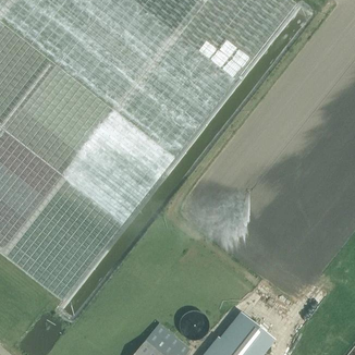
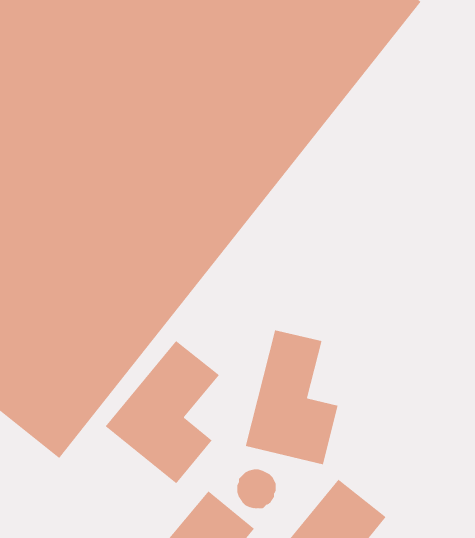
building: none -> [245,329,338,465]
building: none -> [105,340,220,484]

